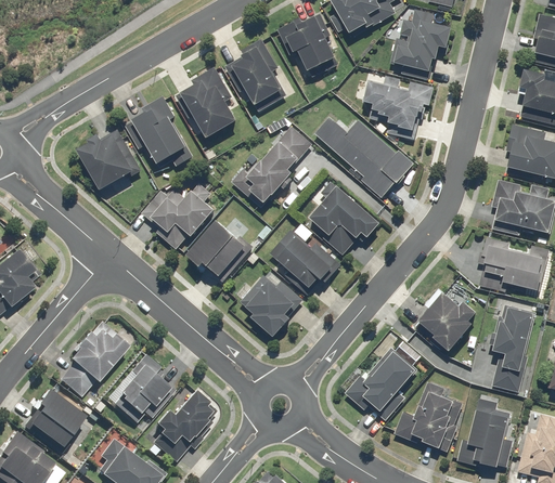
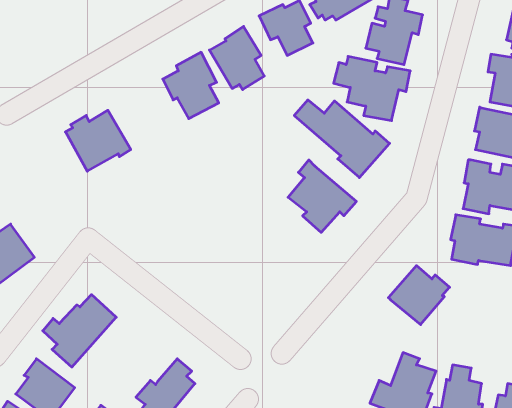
building: [126,95,185,164] -> none
building: [234,126,313,206] -> none
building: [142,183,215,249] -> none
building: [192,220,251,277] -> none
building: [271,231,341,295] -> none
building: [242,276,306,337] -> none
building: [493,306,539,391] -> none
building: [345,341,422,421] -> none
building: [106,354,169,423] -> none

